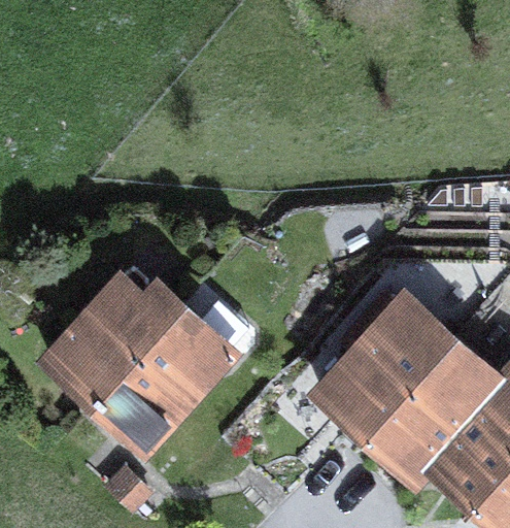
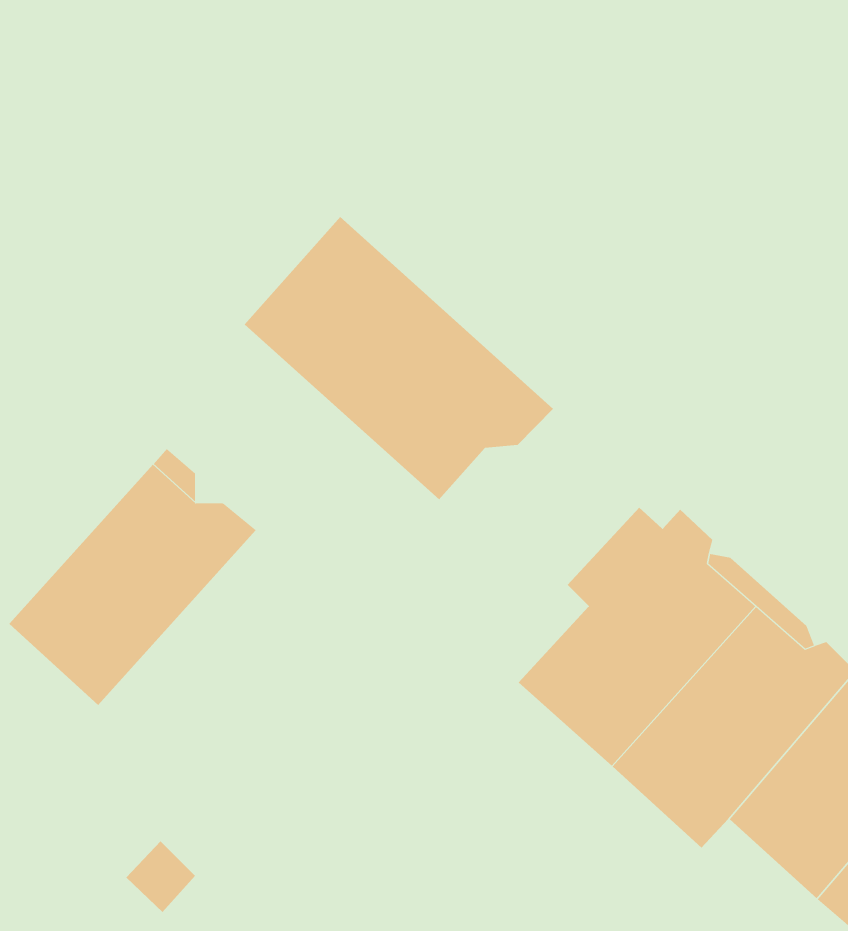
building: none -> [244,216,554,500]
building: [97,303,248,447] -> none

